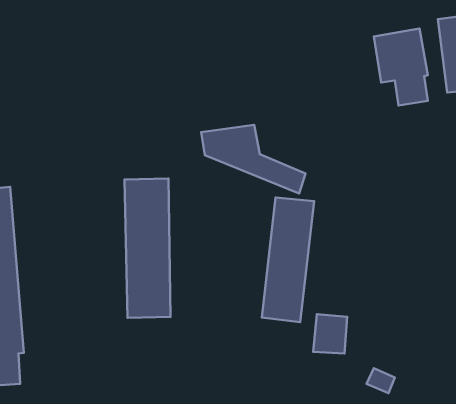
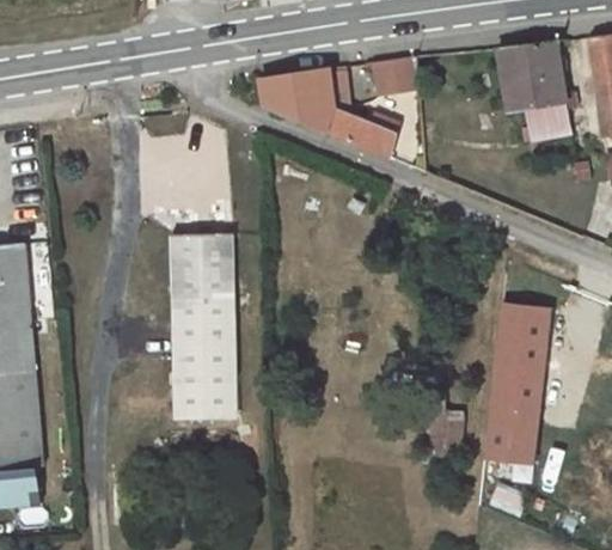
building: none -> [373,59,417,97]
building: [201,125,305,194] -> [262,68,398,158]
building: [262,197,314,322] -> [484,302,552,465]

